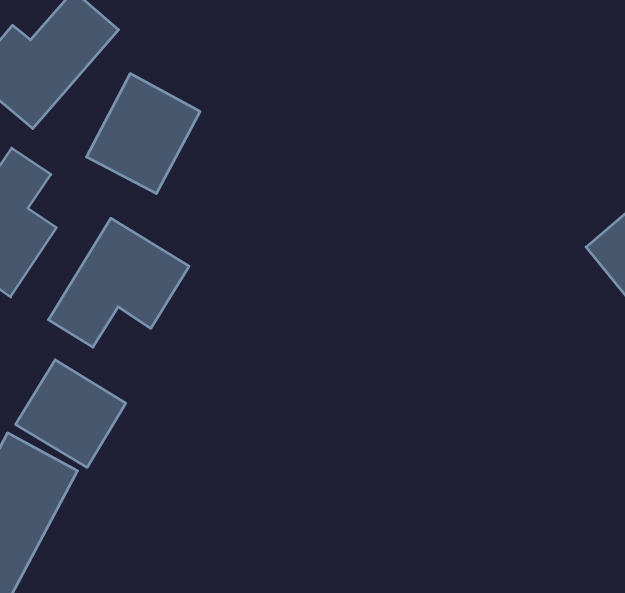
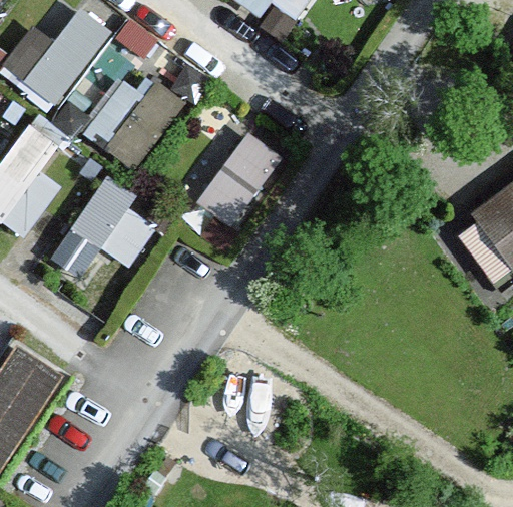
building: none -> [194,132,282,228]
building: [16,360,126,467] -> none

